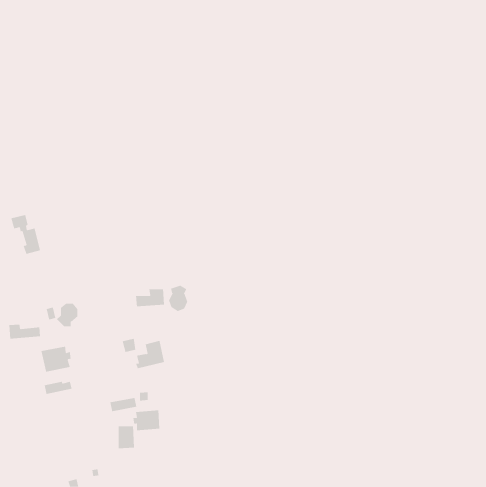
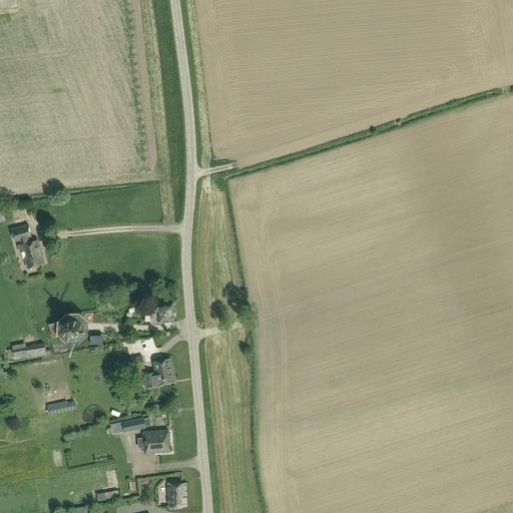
building: [168,285,188,312] -> none
building: [41,346,71,372] -> none
building: [118,426,135,449] -> [167,483,185,507]

